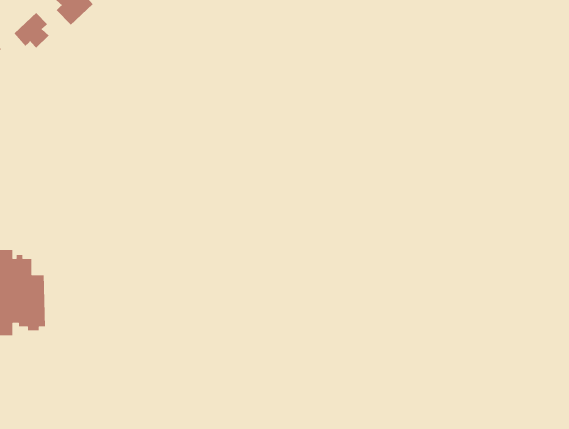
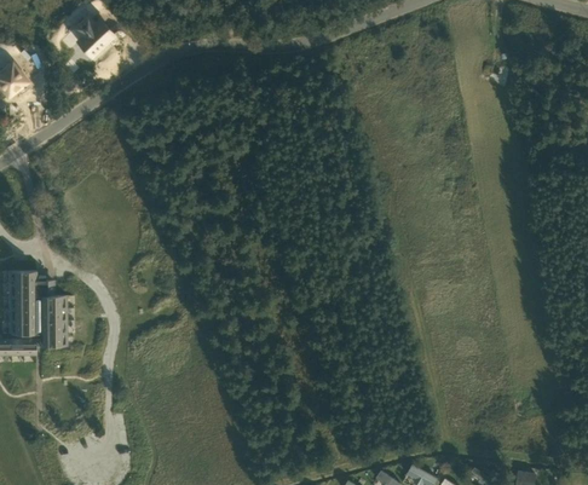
building: [13,12,50,49] -> none

